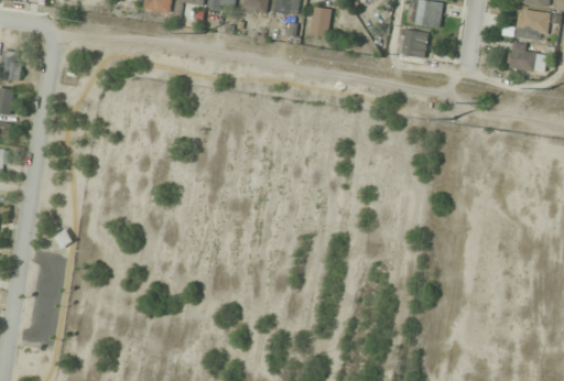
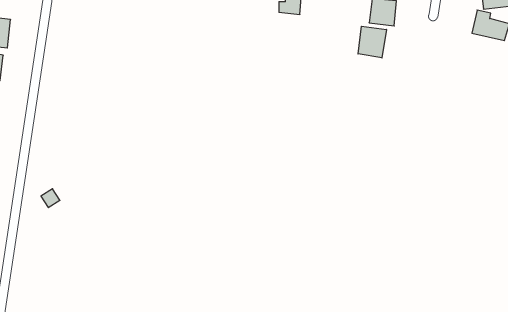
building: none -> [358,26,386,58]

